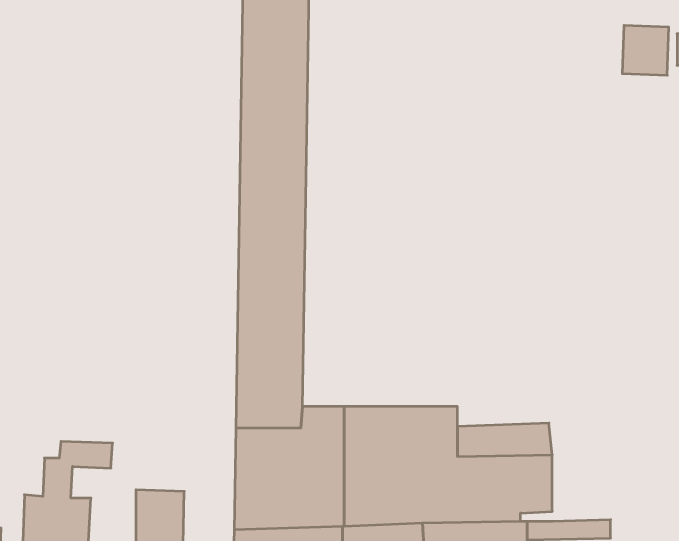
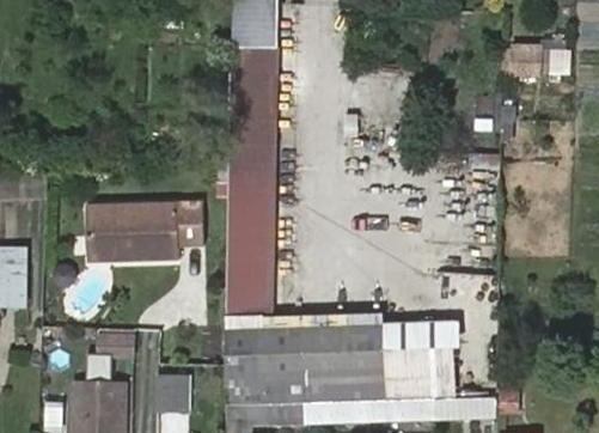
building: none -> [87,201,206,261]

